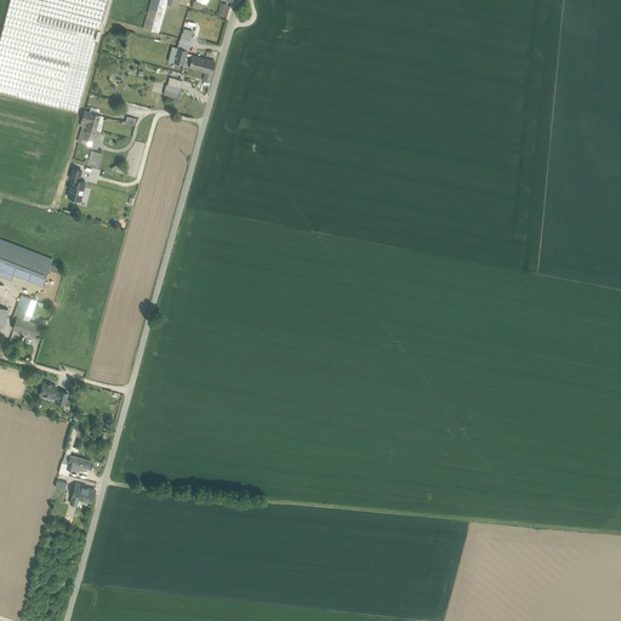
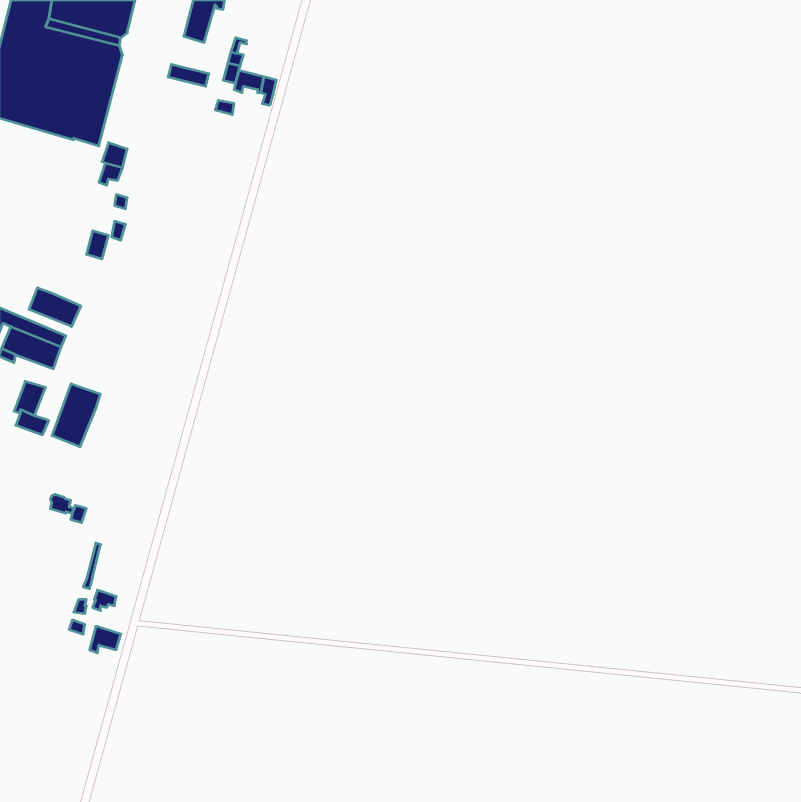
building: none -> [29,288,81,327]
building: none -> [52,384,100,447]

